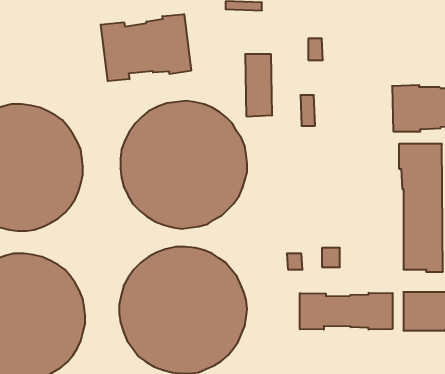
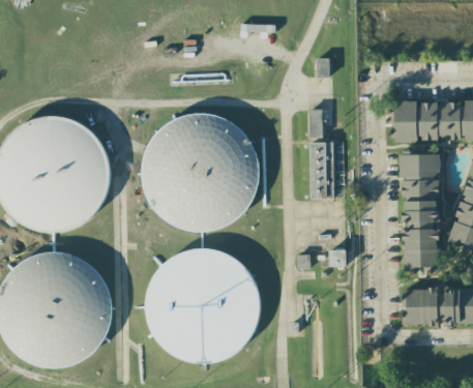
building: [101,14,191,81] -> none
building: [245,54,272,116] -> [309,142,334,199]
building: [300,293,393,330] -> none

